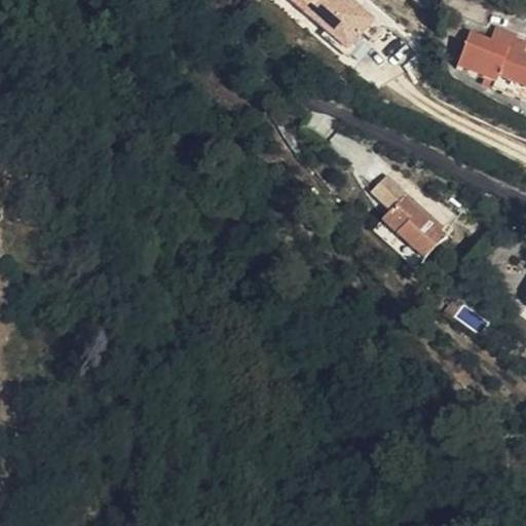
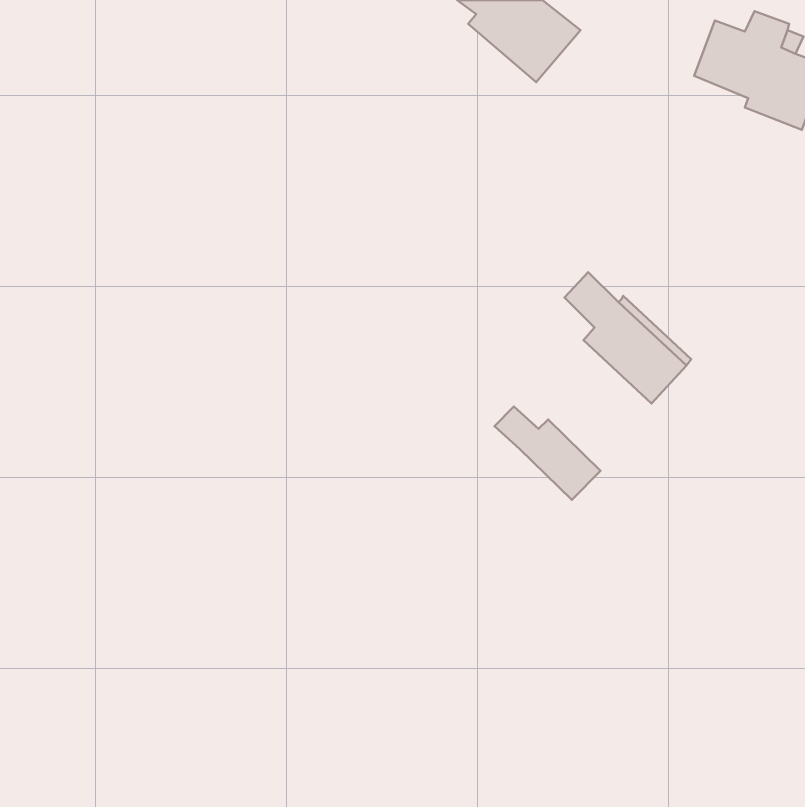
building: none -> [495,406,601,500]

